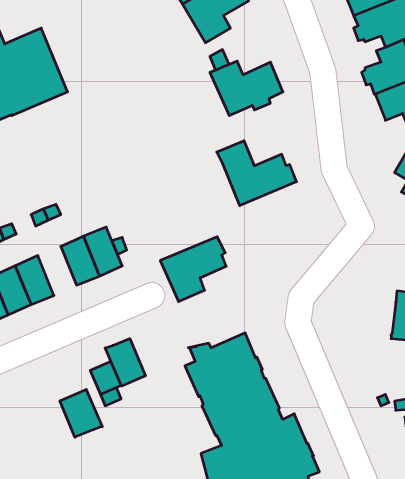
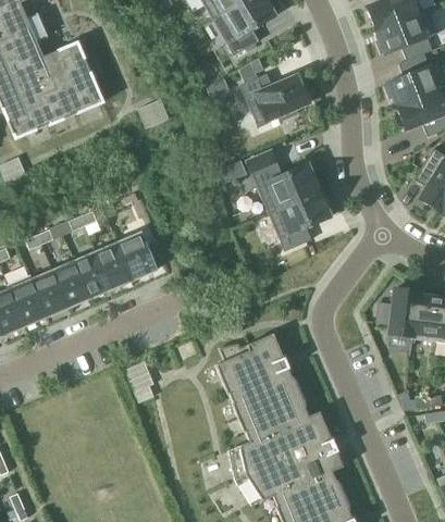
building: [160,237,226,302] -> [268,188,331,250]
building: none -> [75,250,112,297]
building: none -> [388,287,419,335]
building: [105,339,145,386] -> none
building: [60,389,102,437] -> none

